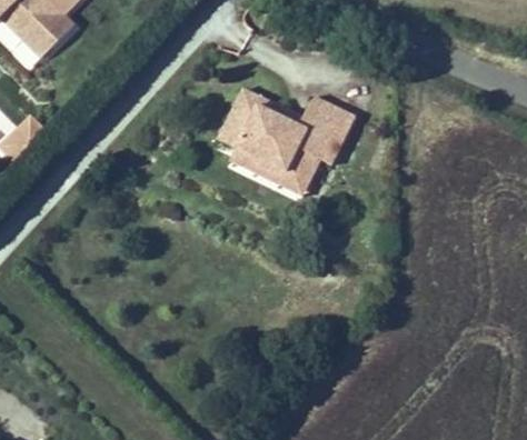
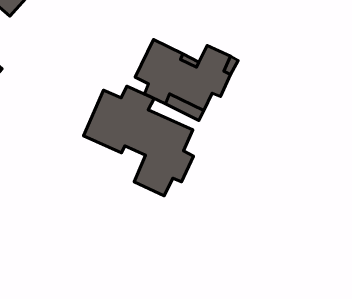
building: none -> [83,86,194,196]

